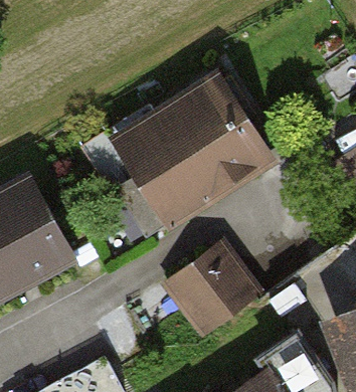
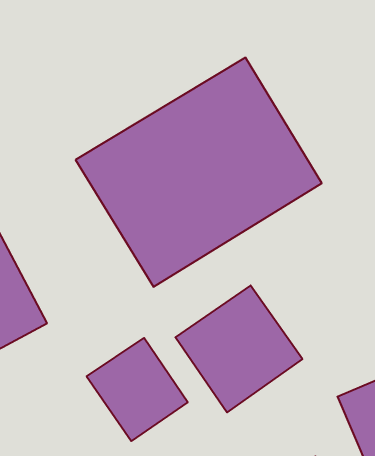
building: none -> [87,338,188,441]

